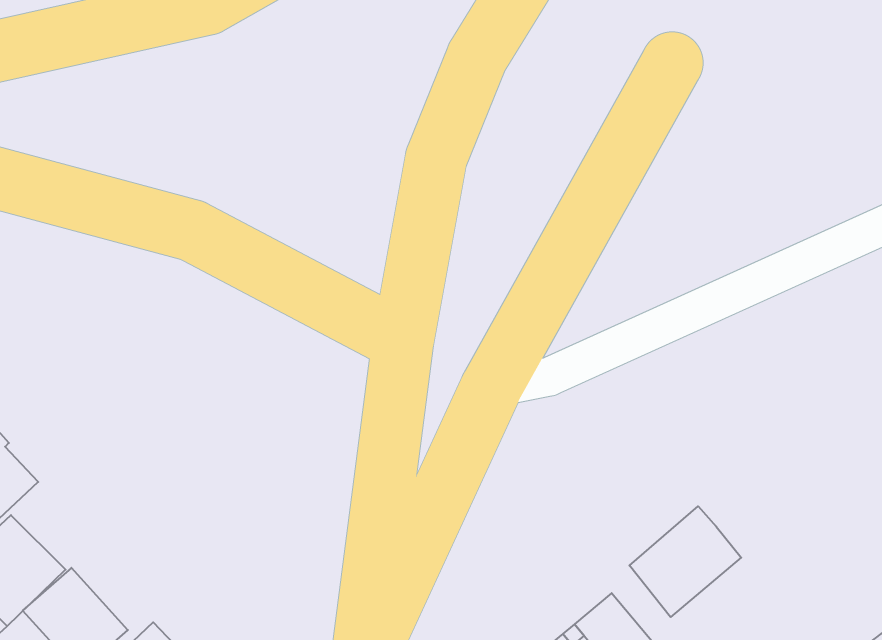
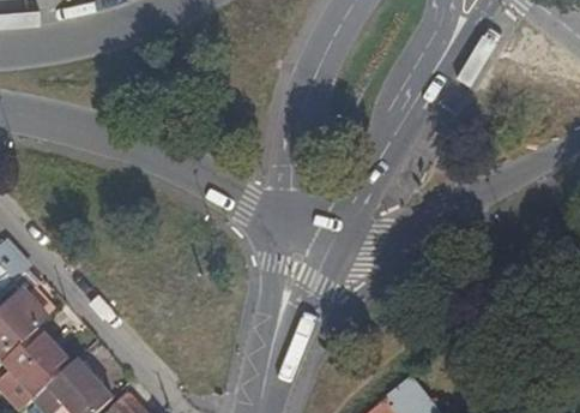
building: [629,506,741,617] -> none

